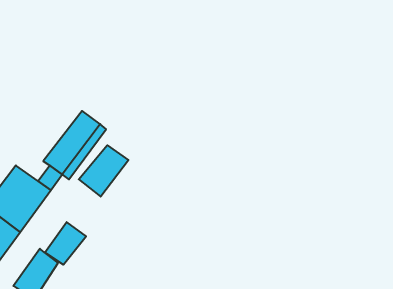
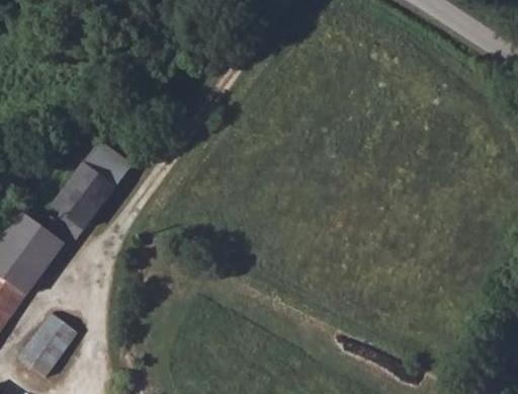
building: [79,145,128,197] -> none
building: [45,222,86,265] -> none

